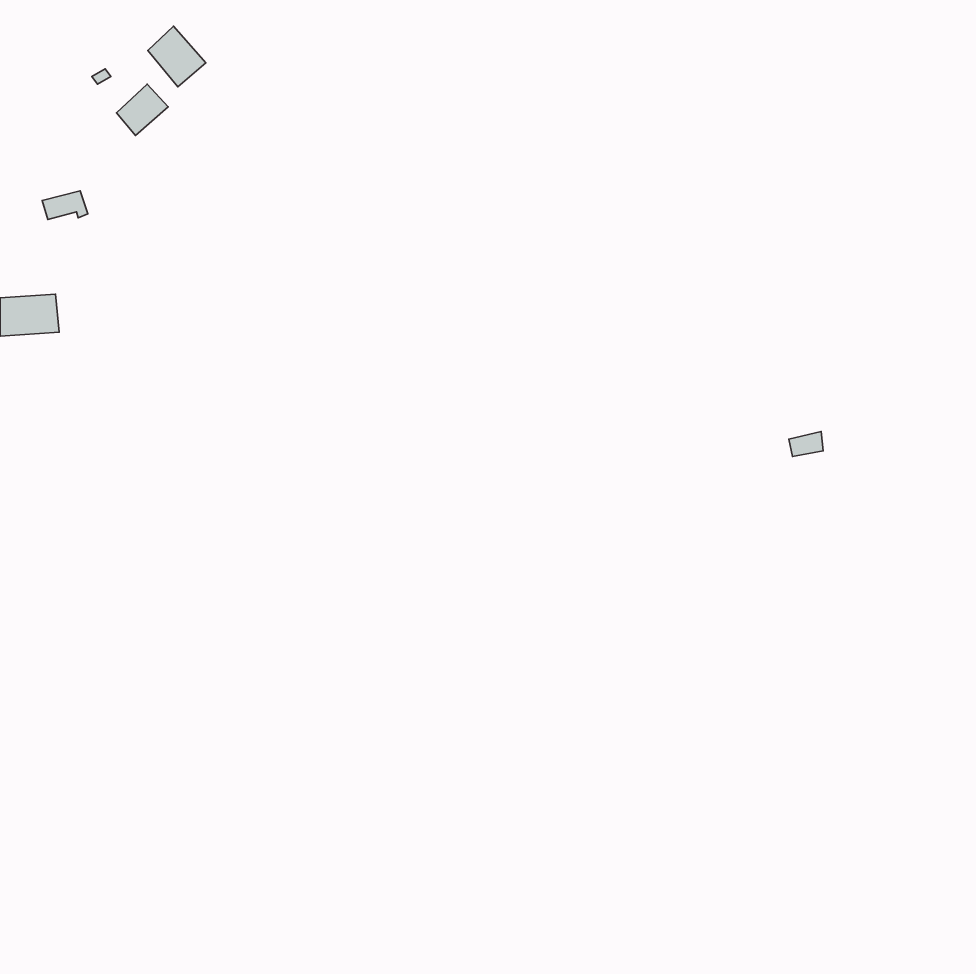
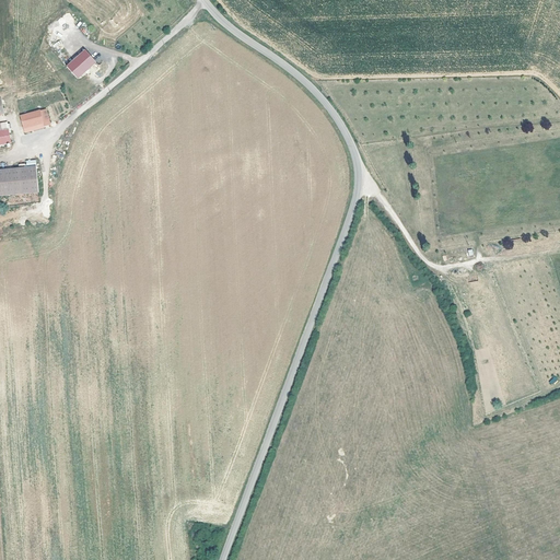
building: [148,26,206,87] -> none

